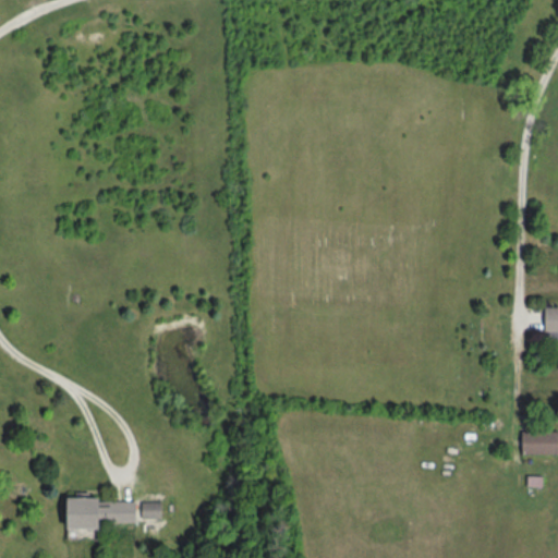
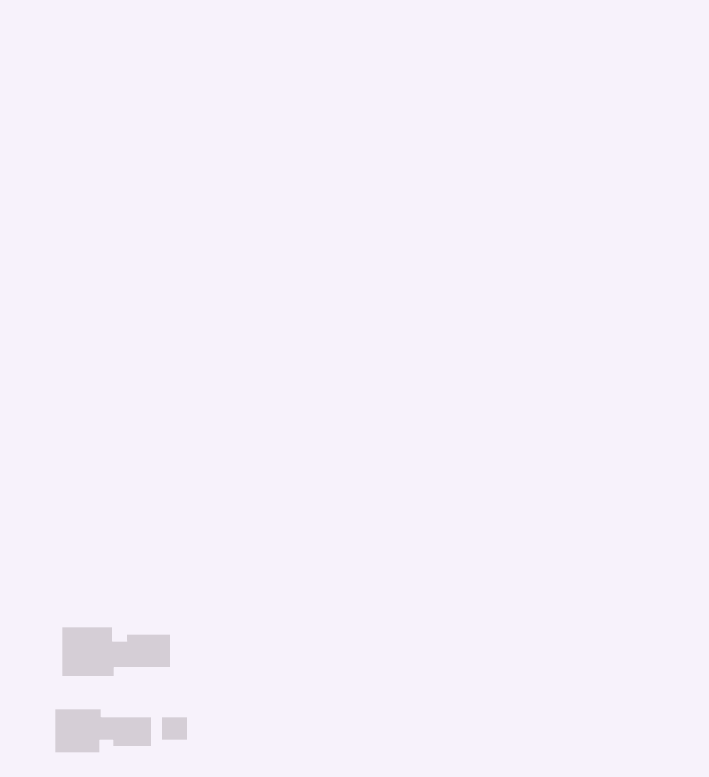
building: none -> [62,627,170,677]

